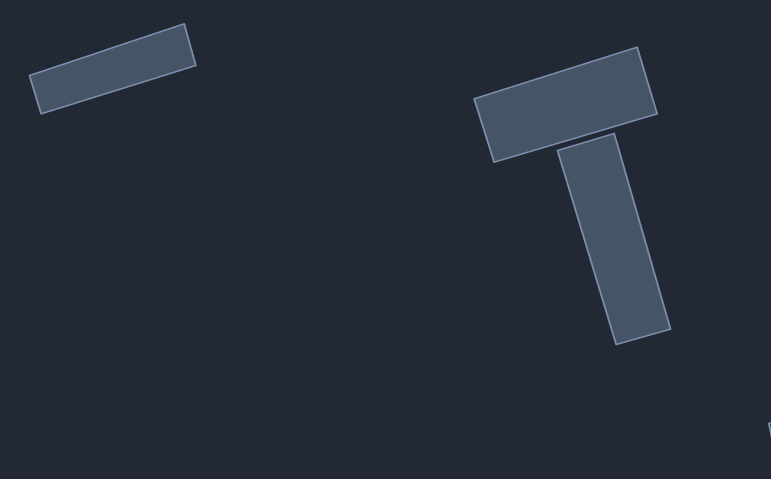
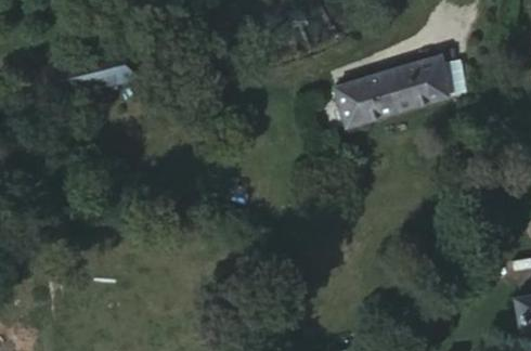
building: [557,134,671,344] -> none

